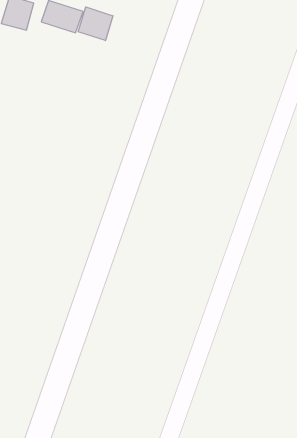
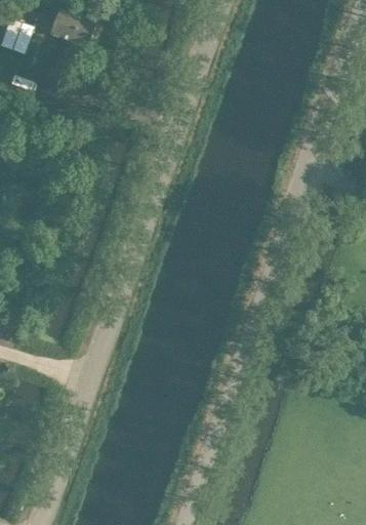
building: [78,7,113,41] -> none

